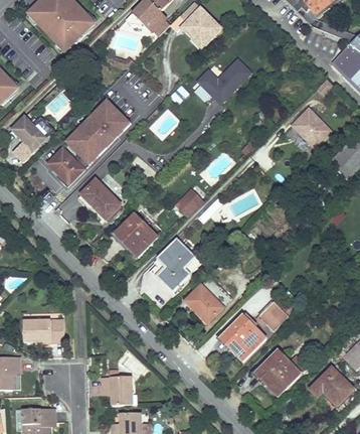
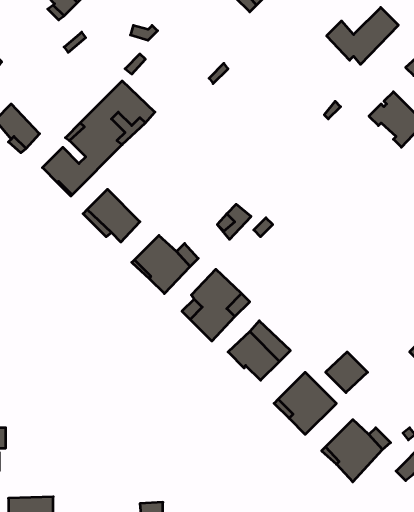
building: [197,59,250,102] -> [327,7,398,64]
building: [23,319,64,342] -> none
building: [102,376,132,405] -> none

